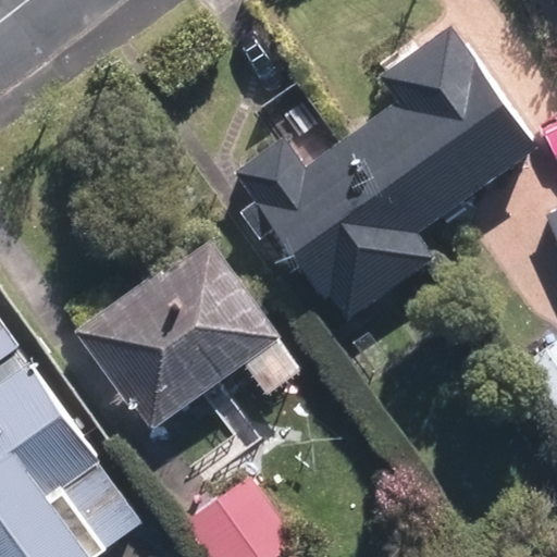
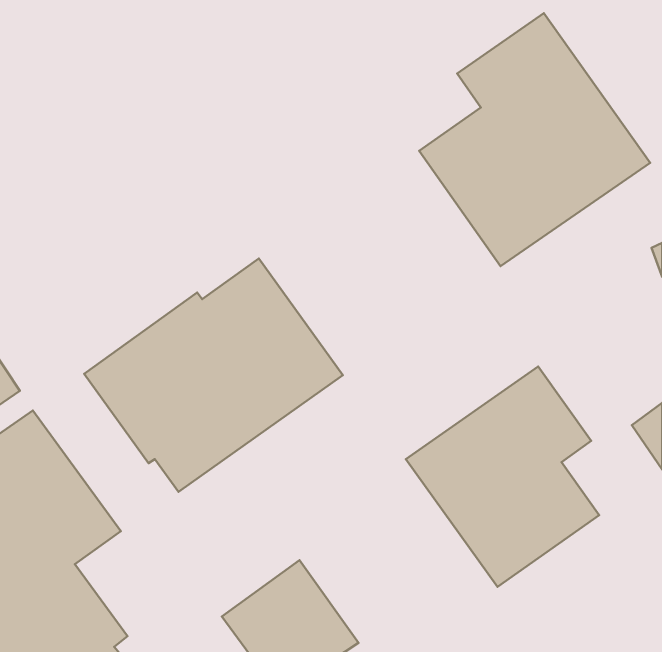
building: [227,139,433,322] -> none
building: none -> [406,367,599,587]

